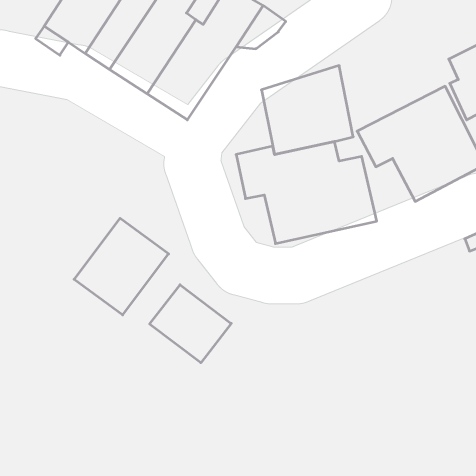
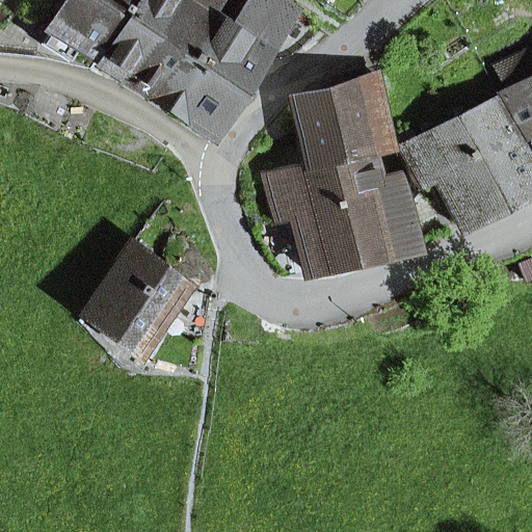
building: [150,285,231,363] -> none

